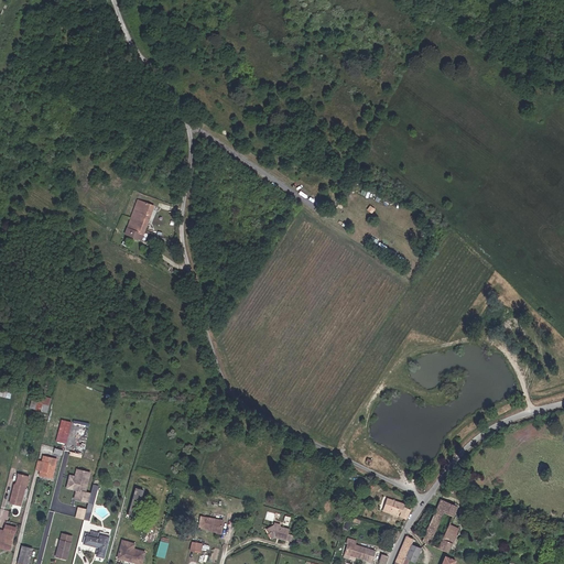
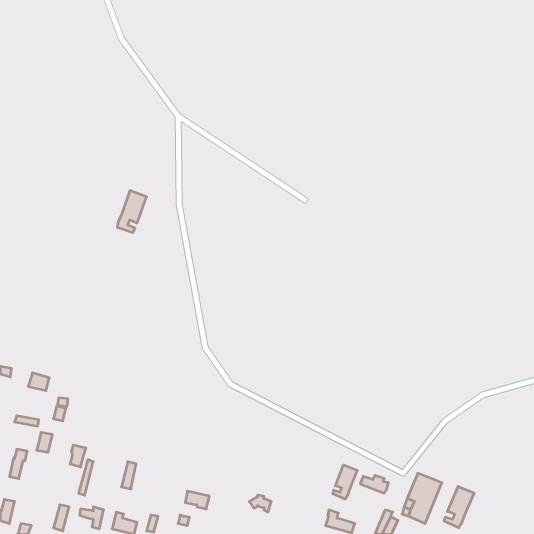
building: none -> [333,465,357,499]
building: none -> [444,486,474,528]

